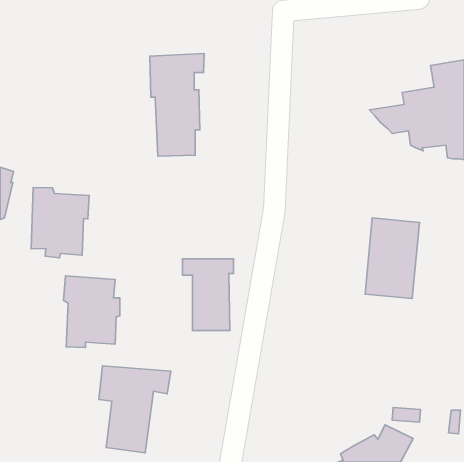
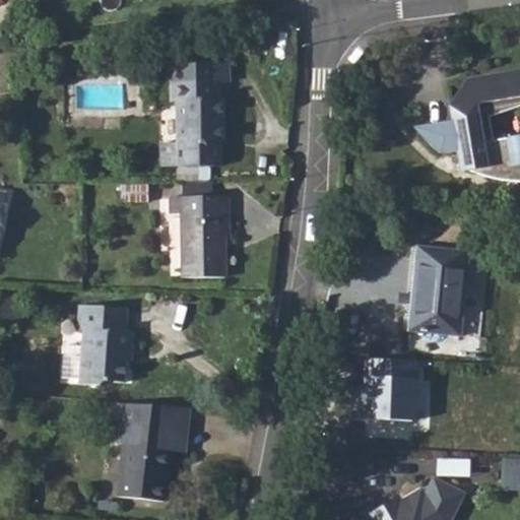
building: [31,188,89,258] -> none
building: [183,259,233,331] -> [172,195,229,275]
building: none -> [359,355,419,419]

